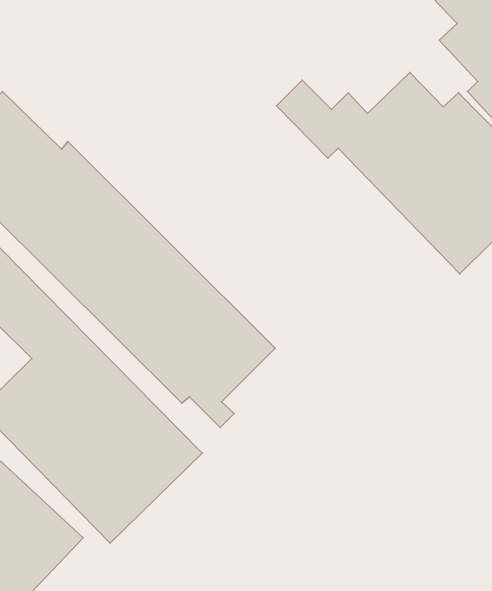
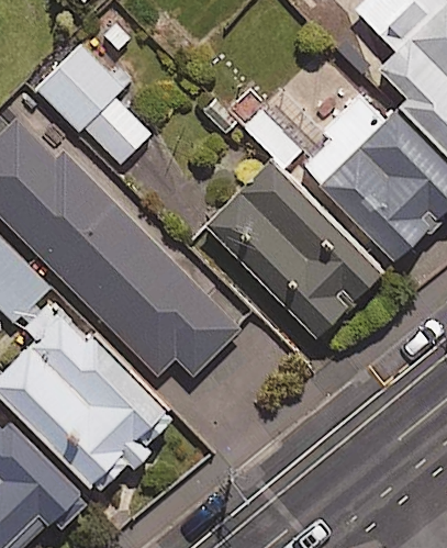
building: none -> [29,36,147,163]
building: none -> [206,164,382,340]

